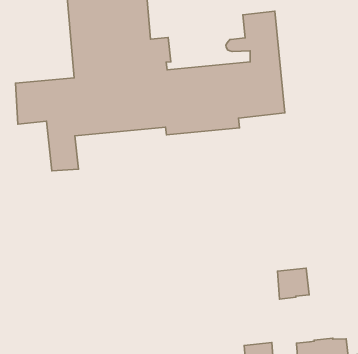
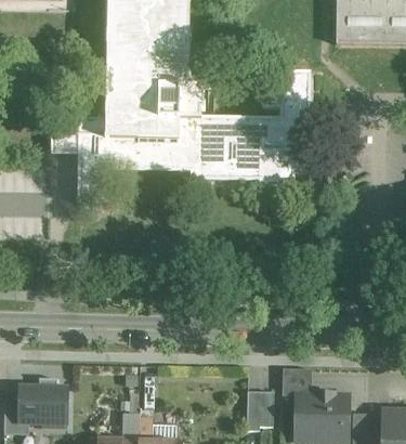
building: [277,268,309,299] -> [280,368,310,395]

